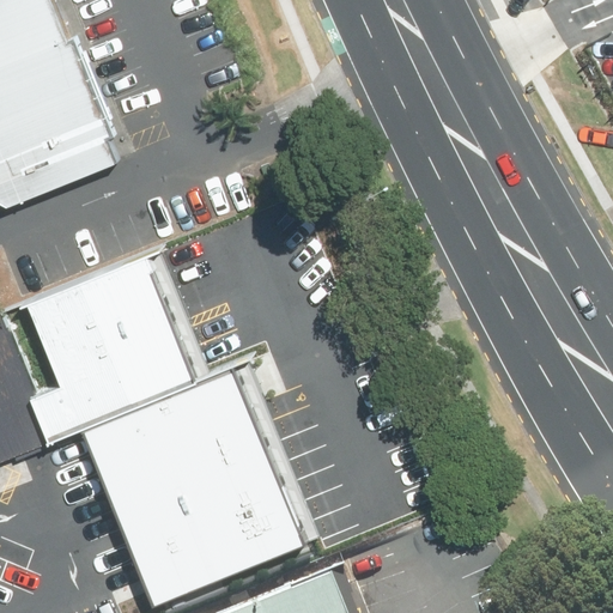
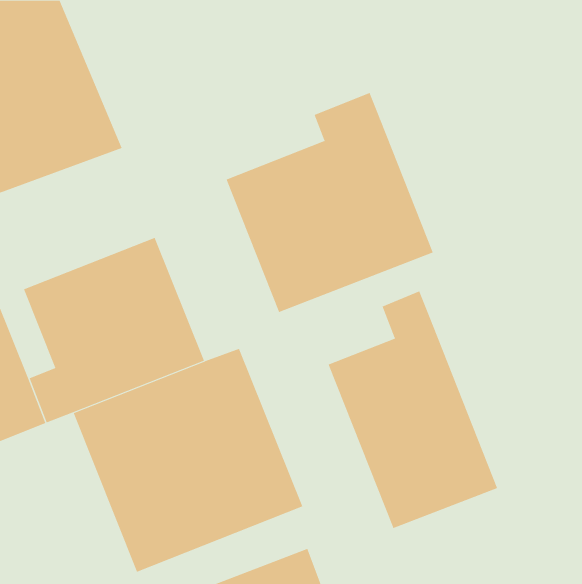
building: none -> [226,92,433,313]
building: none -> [328,291,498,529]

